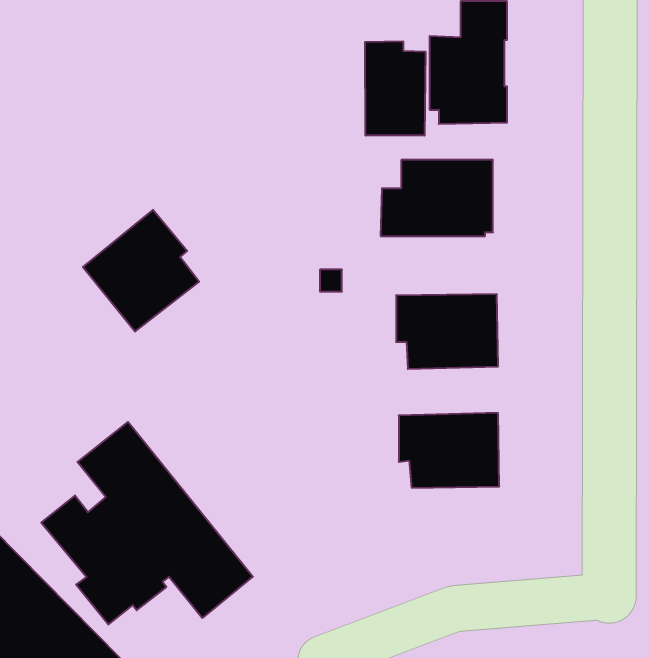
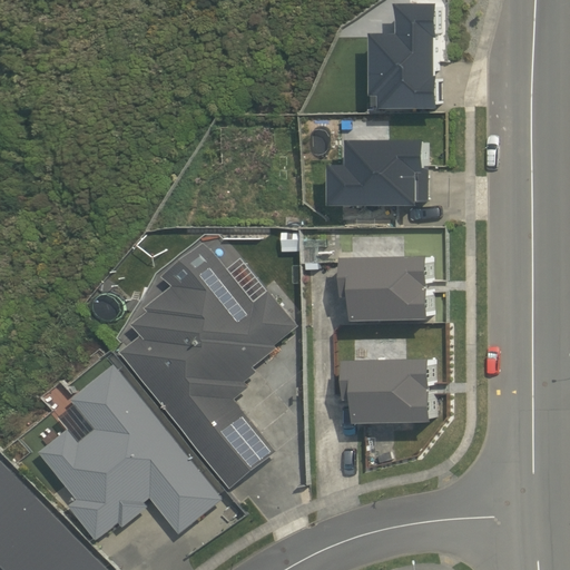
building: [365,41,425,136] -> none
building: [83,210,199,332] -> none
building: none -> [117,242,294,489]

